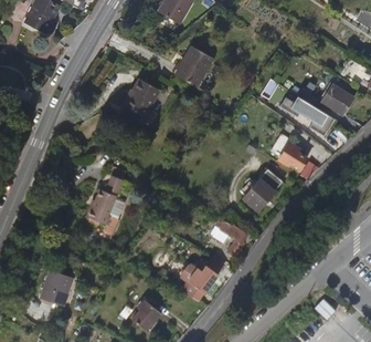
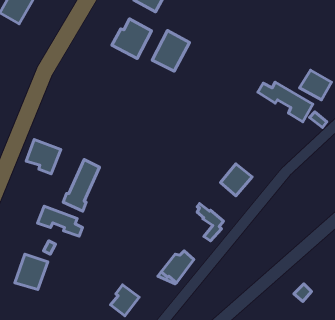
building: [119,77,159,117] -> [112,19,151,59]
building: [265,129,307,168] -> none
building: none -> [26,140,61,174]
building: none -> [38,206,82,236]

